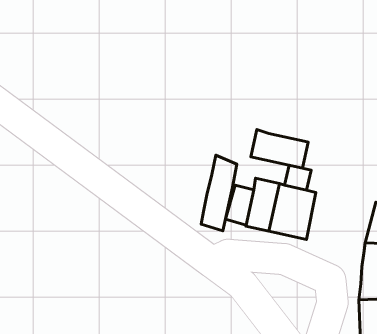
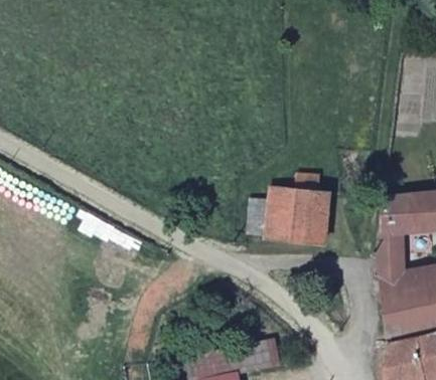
building: [251,130,308,168] -> none
building: [201,155,237,231] -> none

